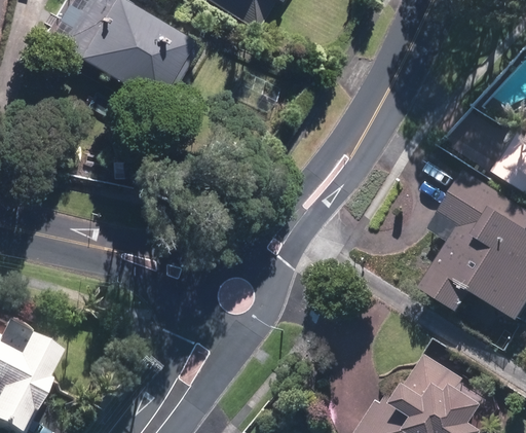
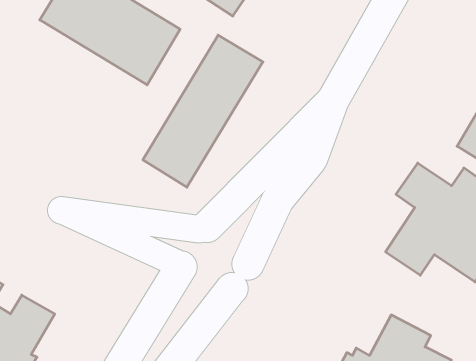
building: none -> [143,35,263,187]

